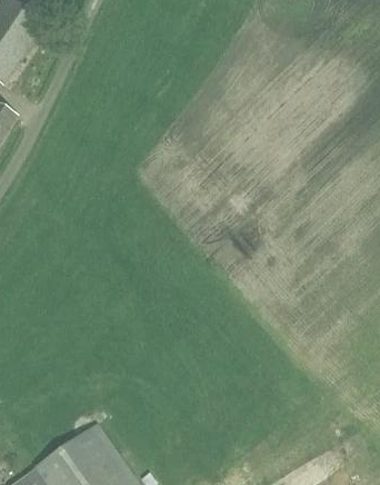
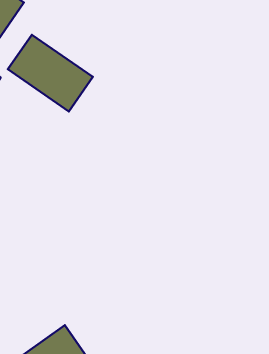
building: none -> [8,35,93,111]

